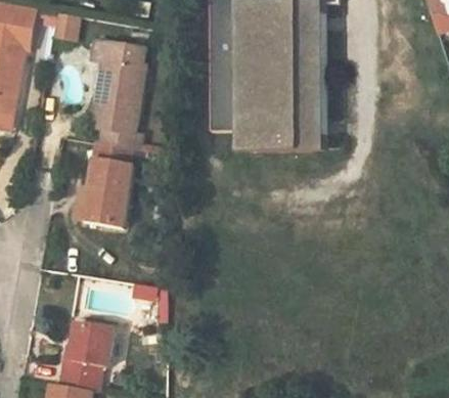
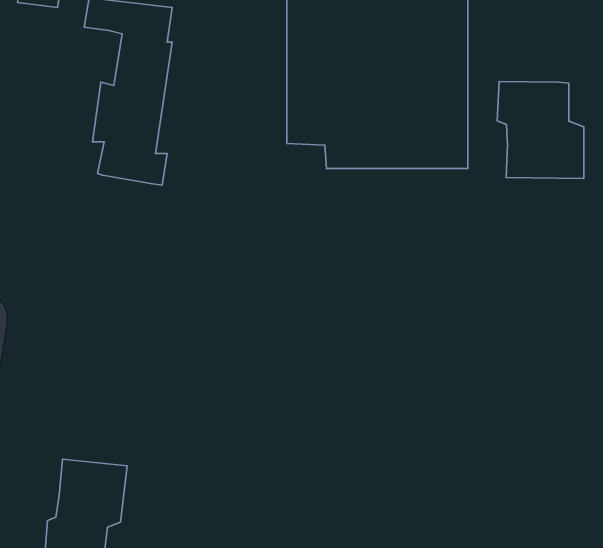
building: none -> [497,81,584,179]
building: [85,147,131,227] -> none

